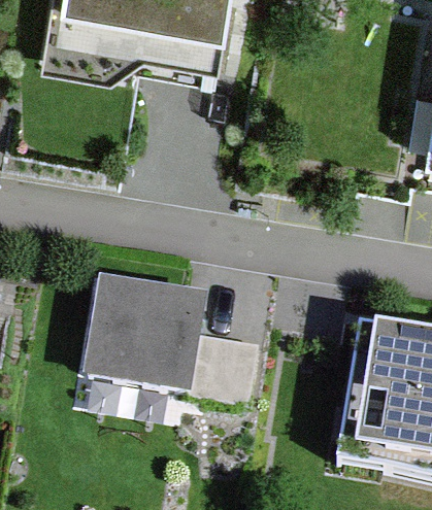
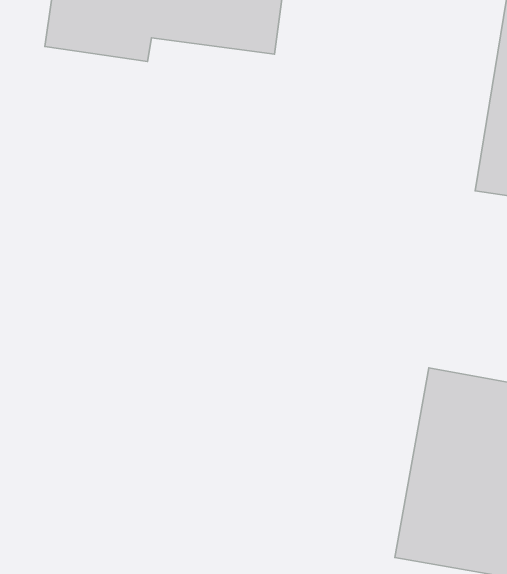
building: [87,275,210,382] -> none

